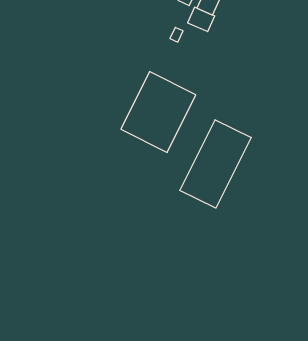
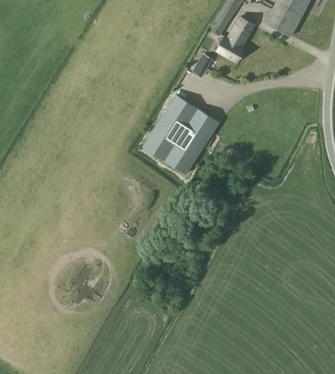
building: [180,120,251,208] -> none

